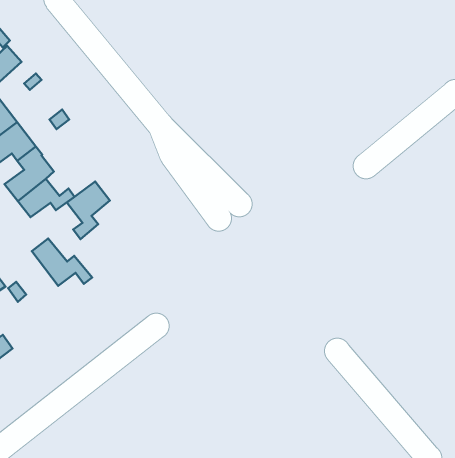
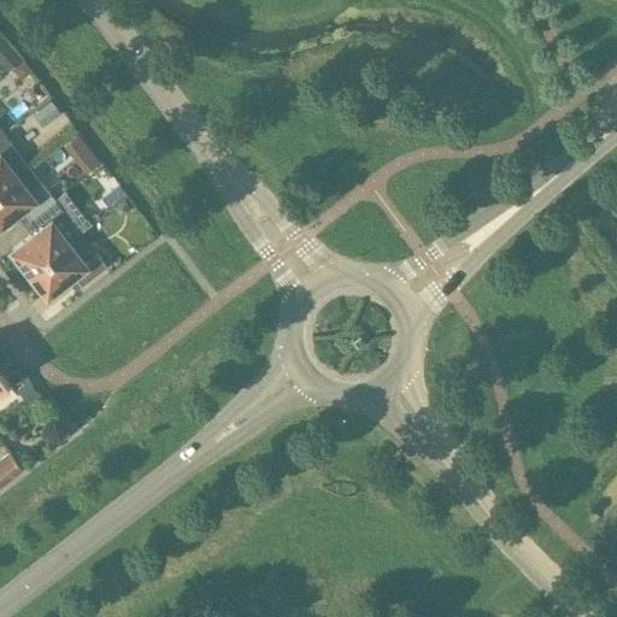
building: [67,181,110,239] -> none
building: [32,239,92,286] -> none

